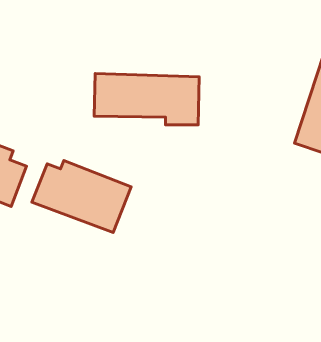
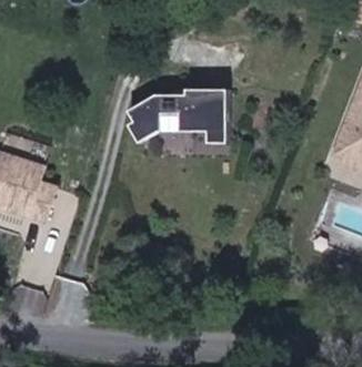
building: [32,160,131,233] -> none

